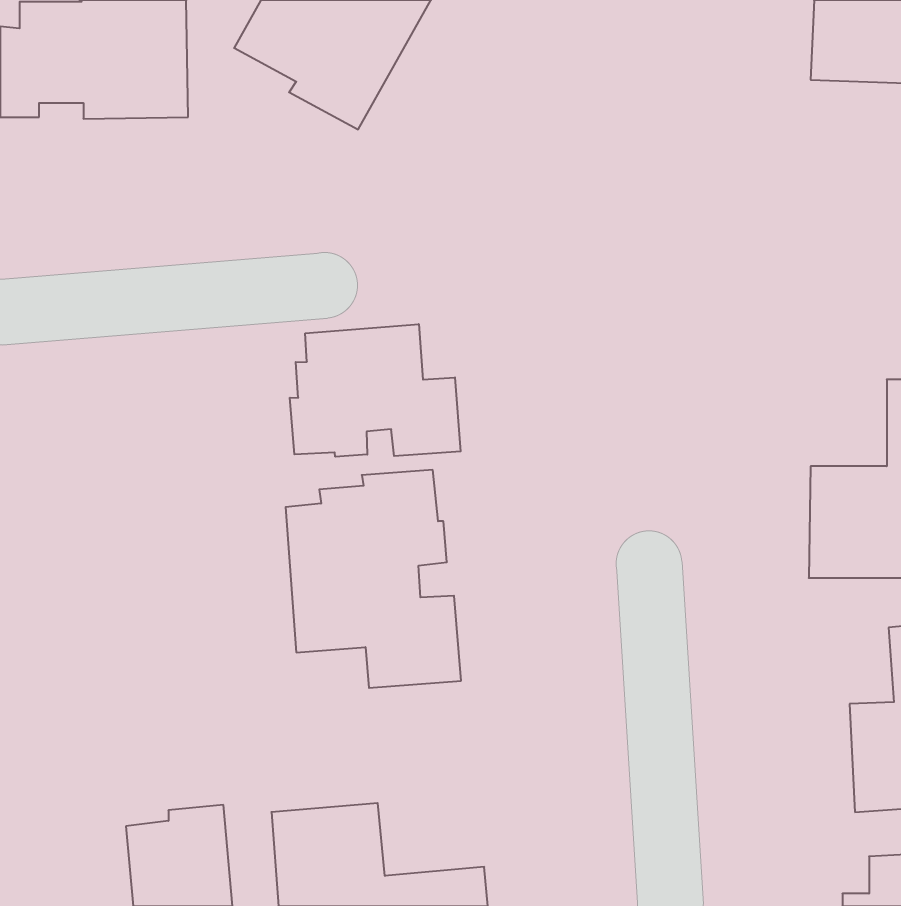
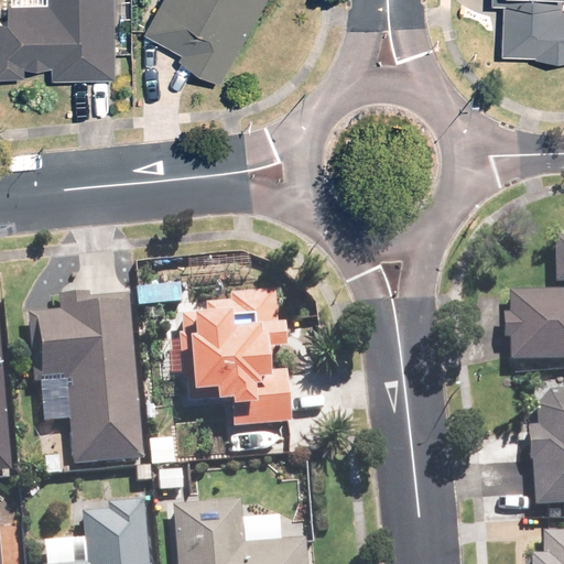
building: [290,324,461,457] -> none
building: none -> [28,293,141,465]

